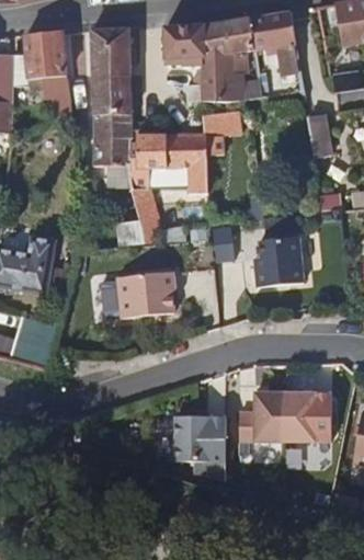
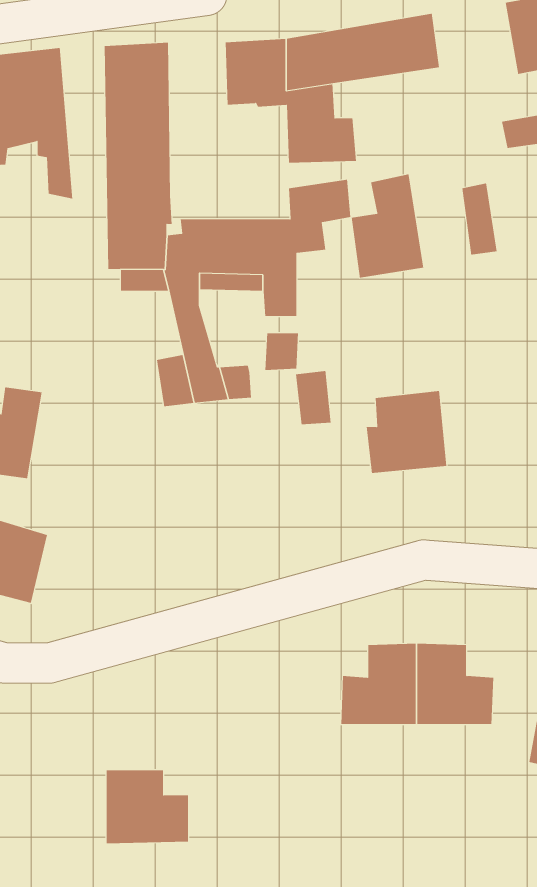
building: none -> [351,173,424,278]
building: [98,273,170,319] -> none
building: [171,418,221,462] -> [106,770,189,844]

